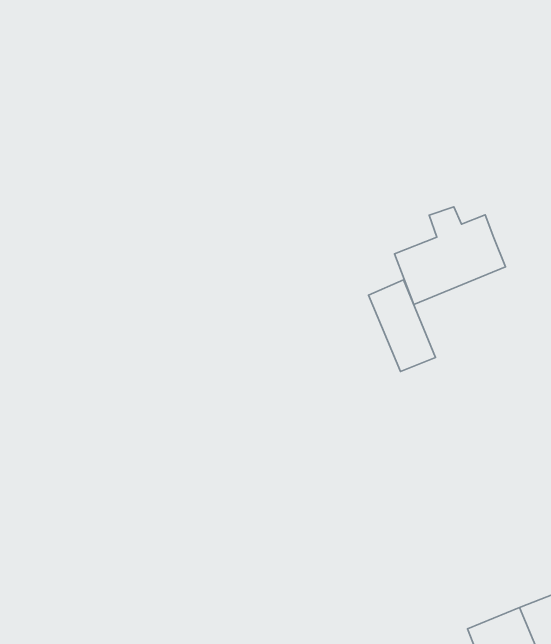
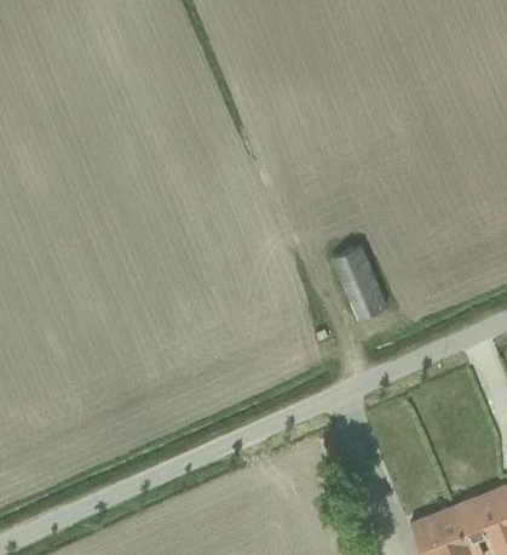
building: [394,207,506,305] -> none

